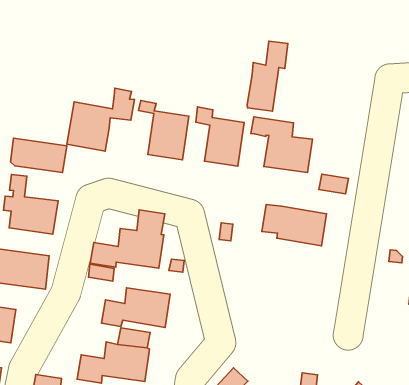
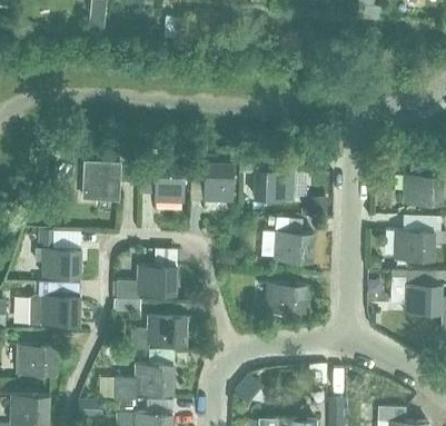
building: [247,41,288,111] -> none
building: [11,138,67,172] -> none
building: none -> [266,284,305,315]

